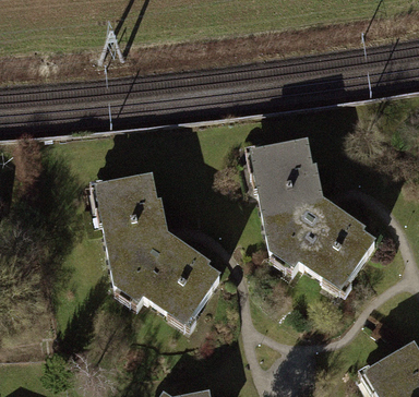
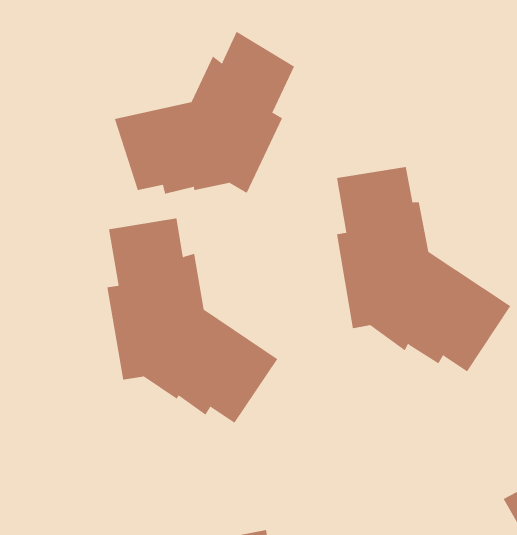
building: none -> [114,31,295,194]

